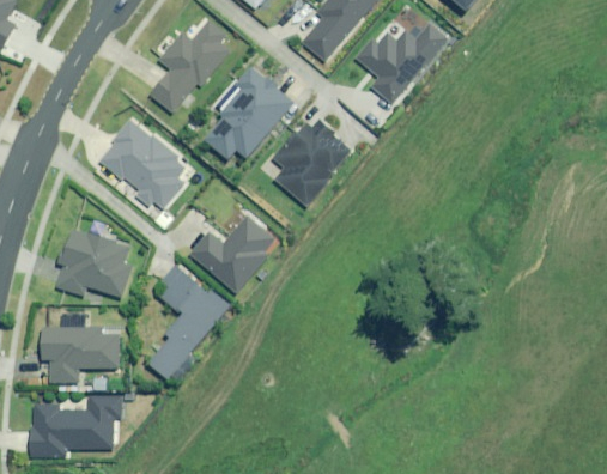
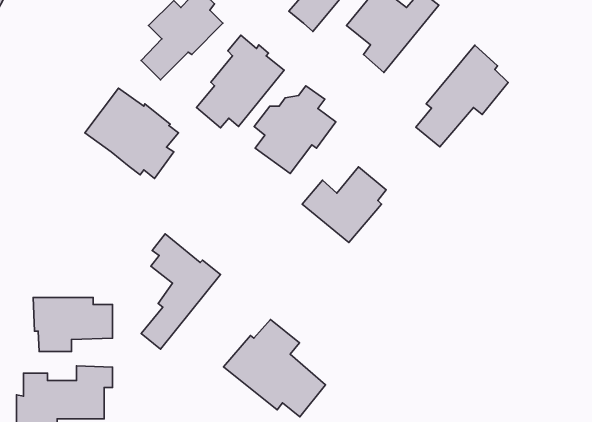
building: none -> [416,45,508,147]
building: [189,217,273,292] -> [302,167,386,243]
building: [54,230,132,298] -> none
building: none -> [224,319,326,417]

